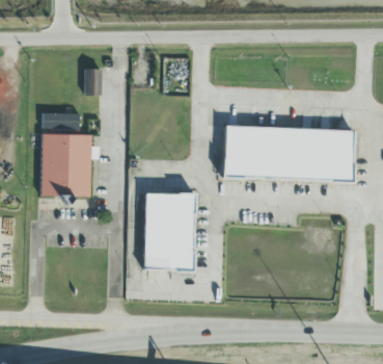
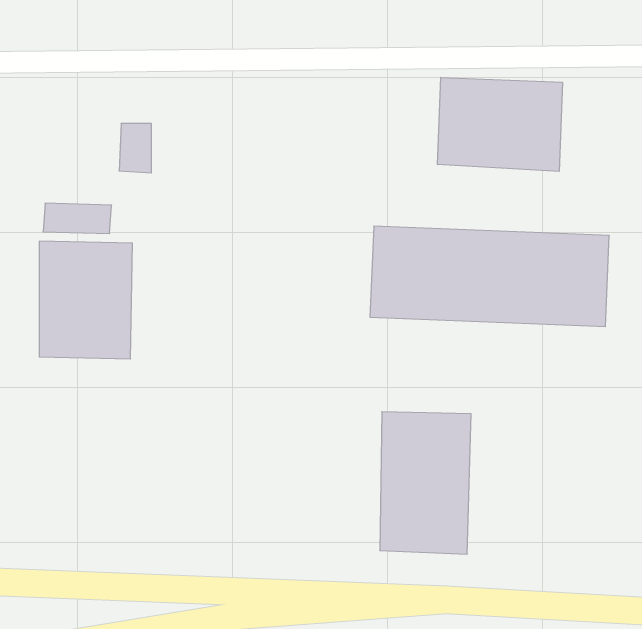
building: none -> [438,77,562,171]
building: [144,191,194,269] -> [380,412,471,554]

